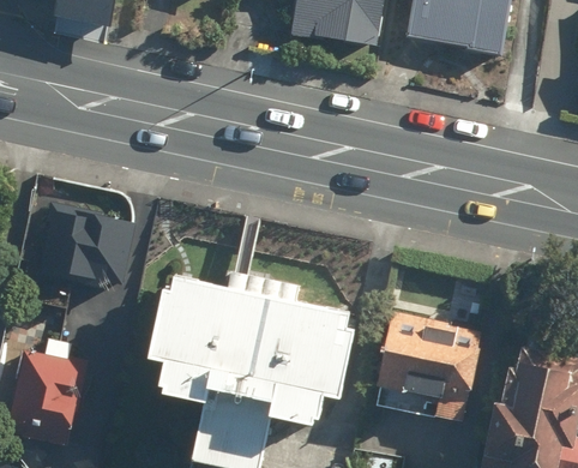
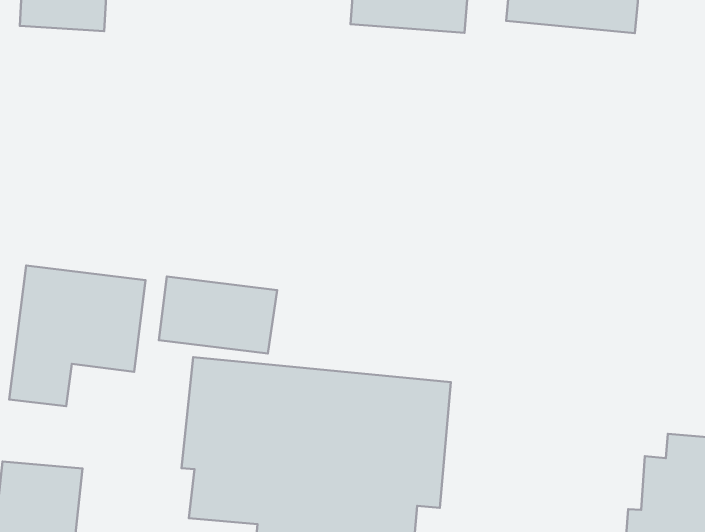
building: none -> [159,277,277,353]
building: [389,322,487,410] -> none

